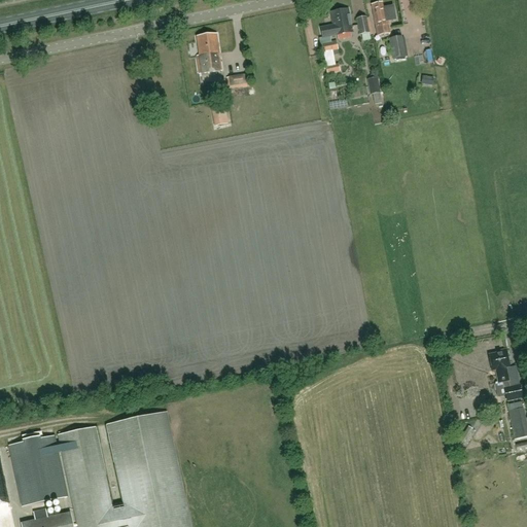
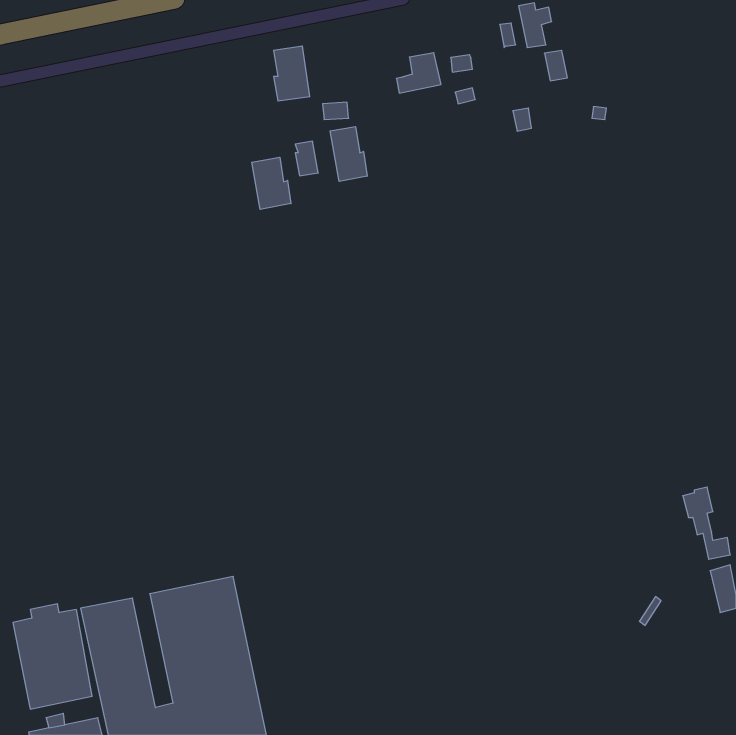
building: [321,8,353,37] -> [396,53,441,93]
building: none -> [330,127,367,181]
building: none -> [252,157,291,209]

